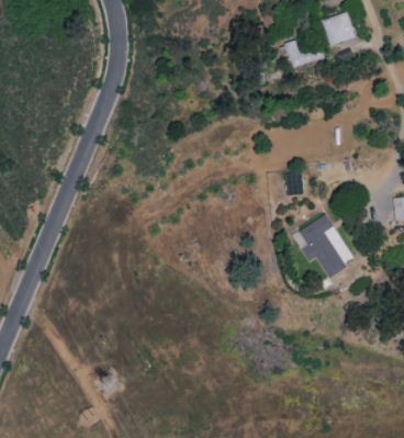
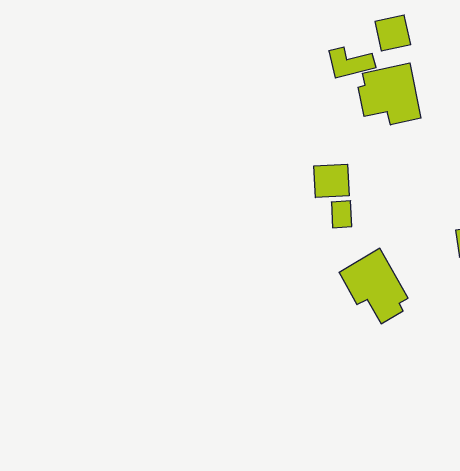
building: none -> [358,63,421,125]
building: none -> [314,164,349,198]

